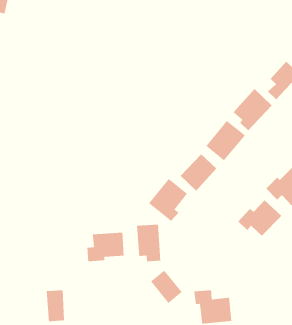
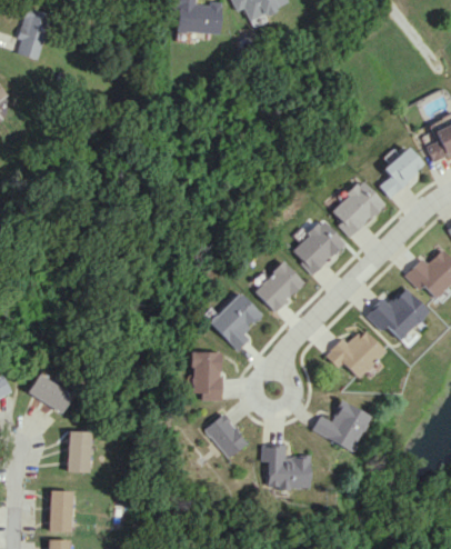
building: [87,232,124,262] -> none
building: none -> [26,376,71,412]
building: none -> [312,401,369,450]

